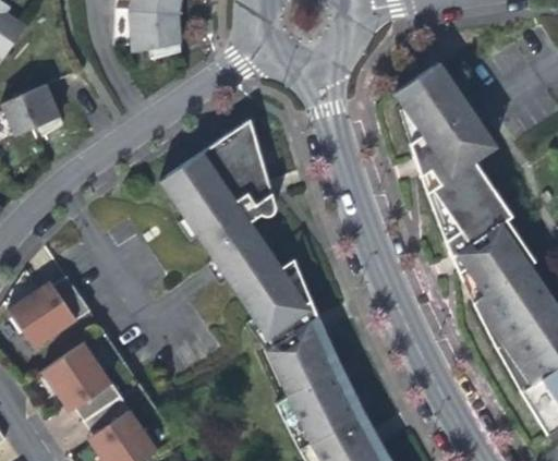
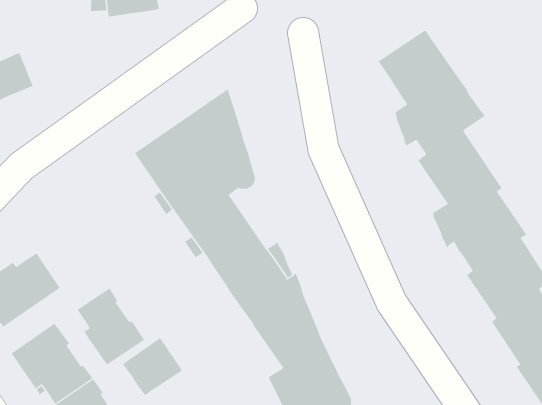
building: none -> [77,287,145,366]
building: none -> [122,337,183,396]

